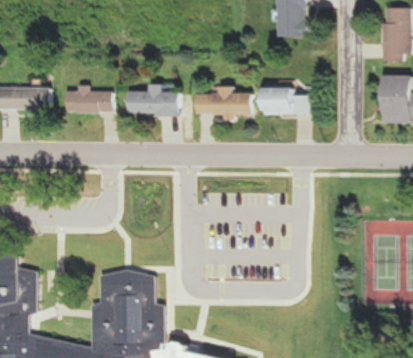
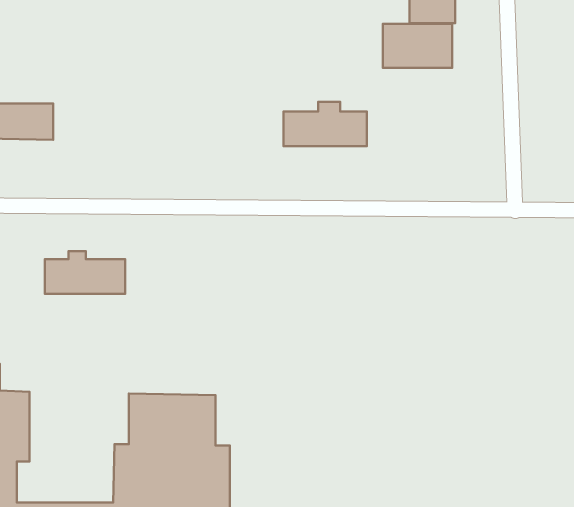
building: [132,85,184,116] -> none
building: [67,86,118,113] -> [45,251,125,294]
building: [262,87,306,115] -> [383,24,452,68]

